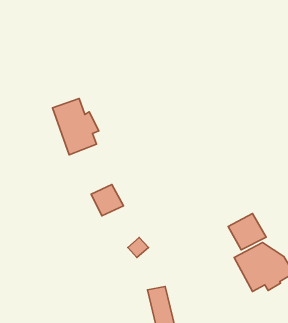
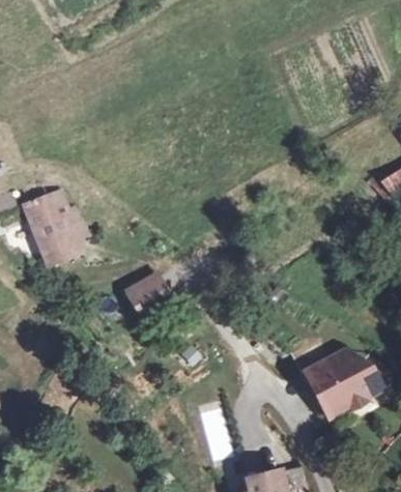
building: [52,99,99,155] -> [25,194,83,264]
building: [228,214,266,250] -> none

